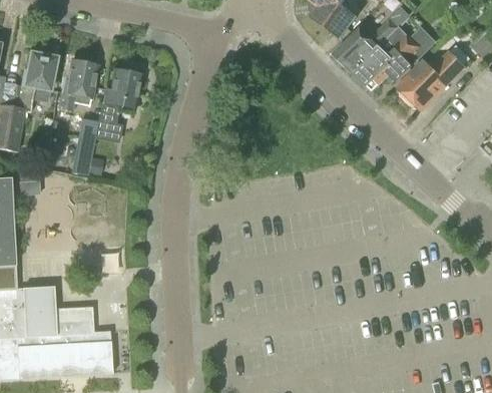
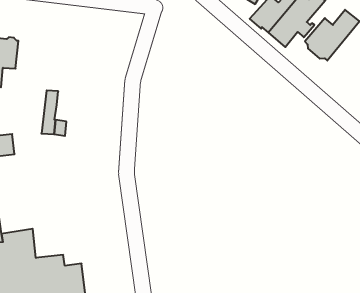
building: [57,61,96,111] -> none
building: [94,69,140,142] -> none

